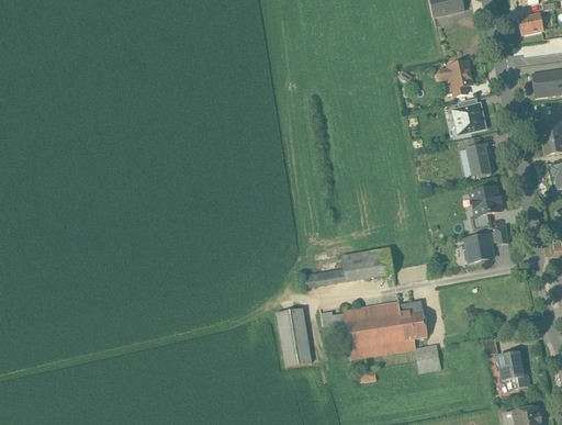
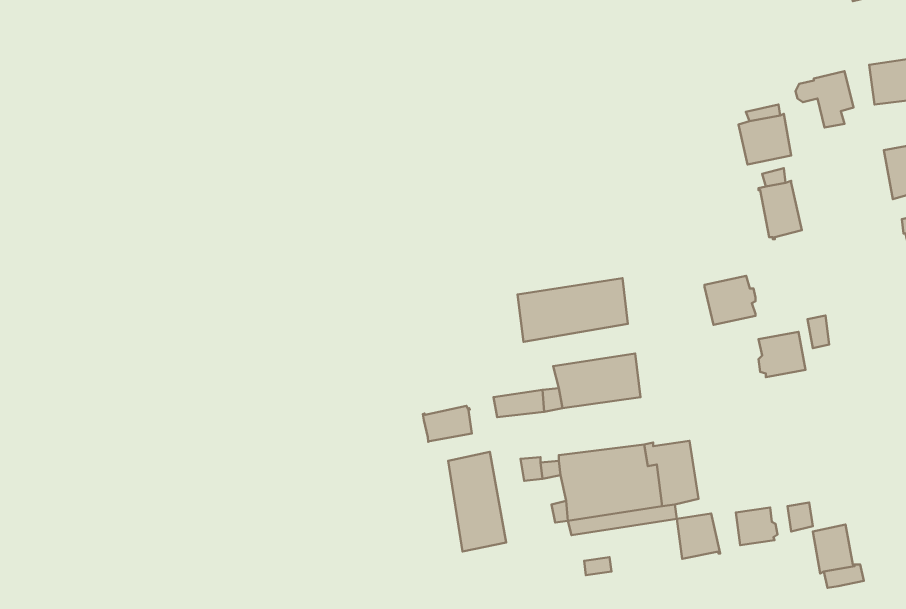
building: [437,61,472,96] -> [796,71,854,128]
building: [470,187,501,216] -> [705,276,755,325]
building: none -> [518,278,628,342]
building: none -> [423,406,472,442]
building: none -> [736,508,778,545]

